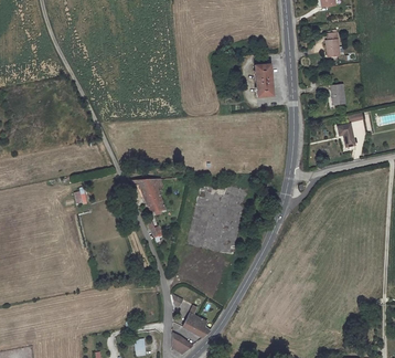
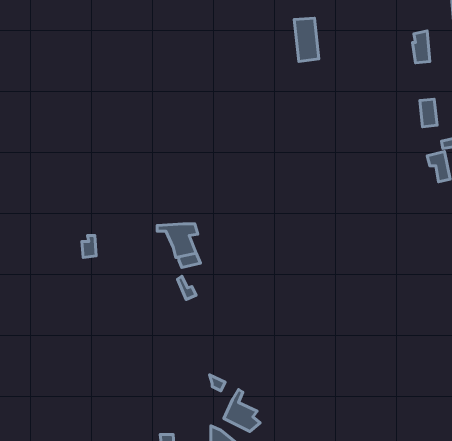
building: [254,64,273,97] -> [294,18,319,62]

